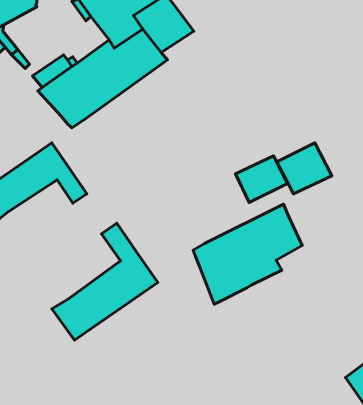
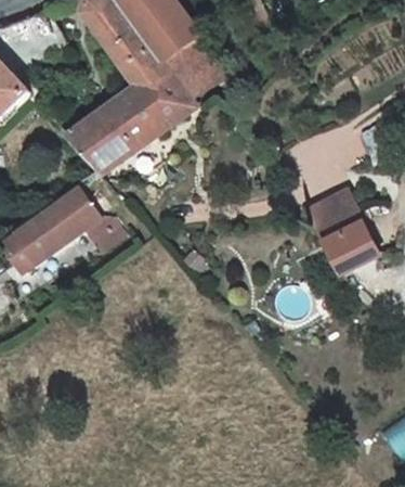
building: [235,156,287,202] -> [324,223,377,271]
building: [193,204,302,304] -> none
building: [52,223,158,340] -> none

